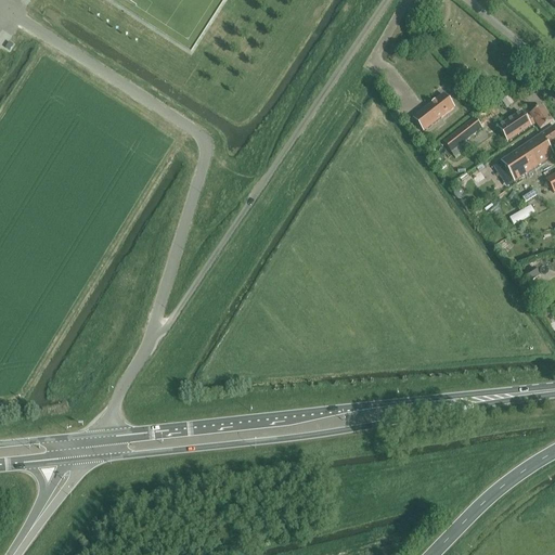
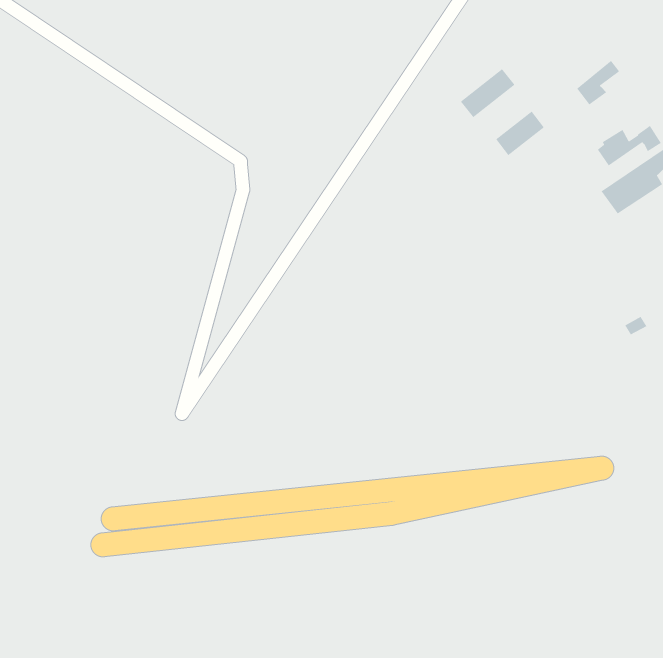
building: none -> [460,68,516,118]
building: [446,116,482,154] -> [576,60,620,105]

